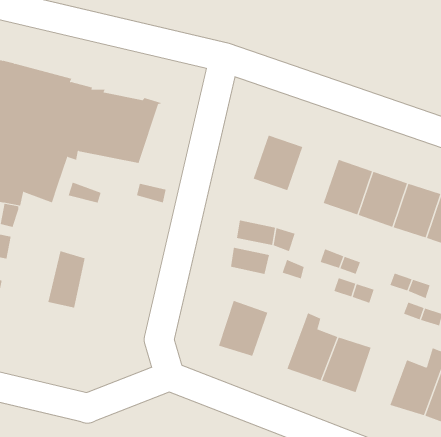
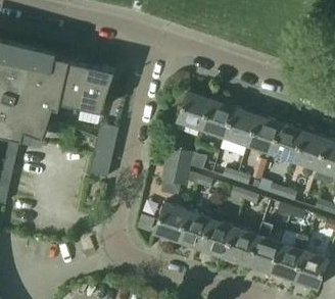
building: none -> [201,100,235,138]
building: [48,250,86,308] -> [90,139,115,178]
building: none -> [178,211,211,249]
building: none -> [247,222,281,273]

